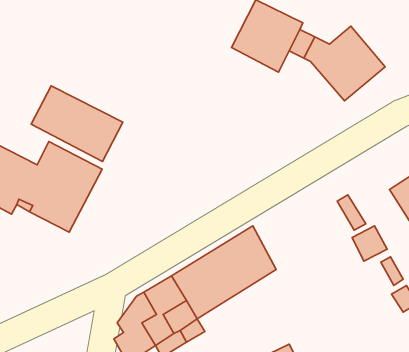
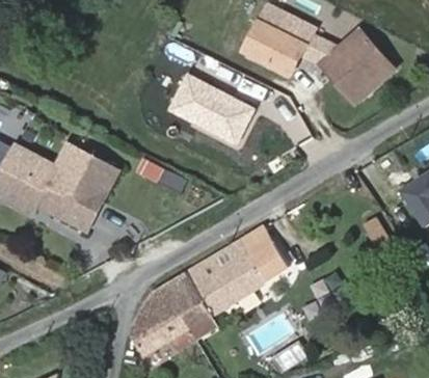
building: [31,86,123,162] -> [167,70,257,143]

